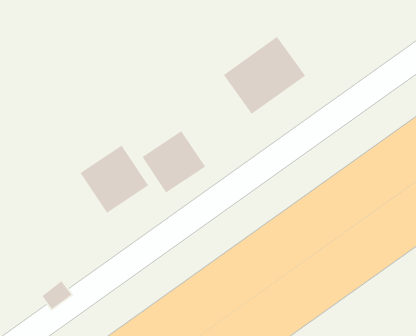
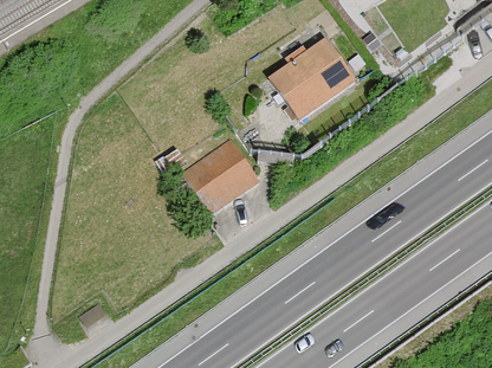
building: [79,144,149,214] -> none

